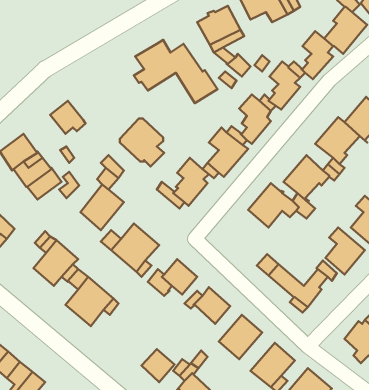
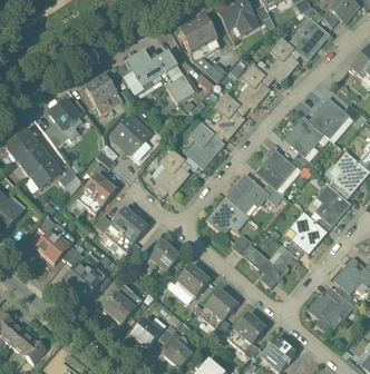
building: none -> [85,75,121,114]
building: none -> [206,196,249,234]
building: none -> [104,284,142,323]

